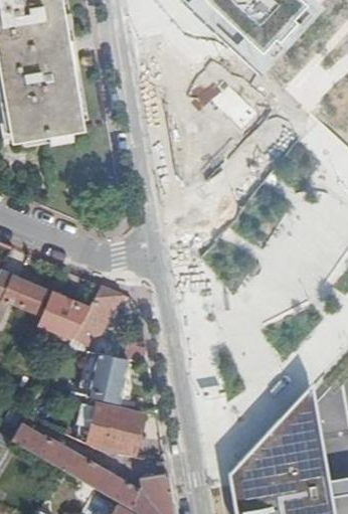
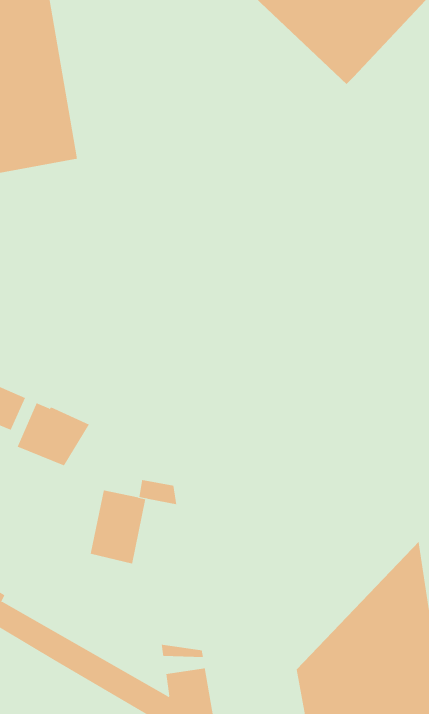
building: [67,287,124,352] -> none
building: [88,404,143,453] -> none

